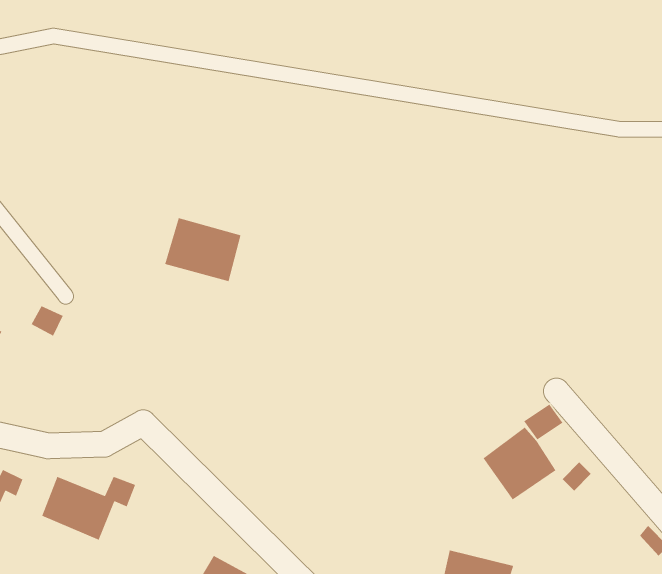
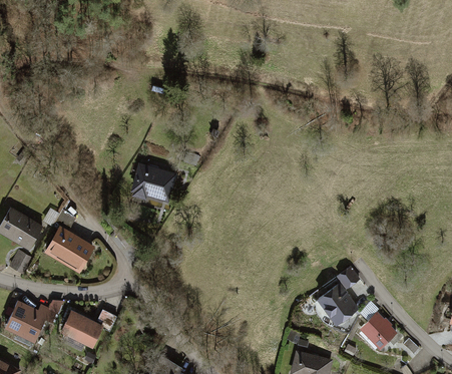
building: none -> [48,229,96,272]
building: none -> [361,314,395,347]

